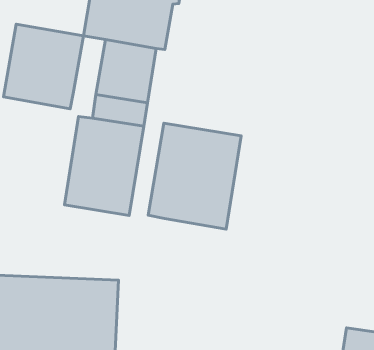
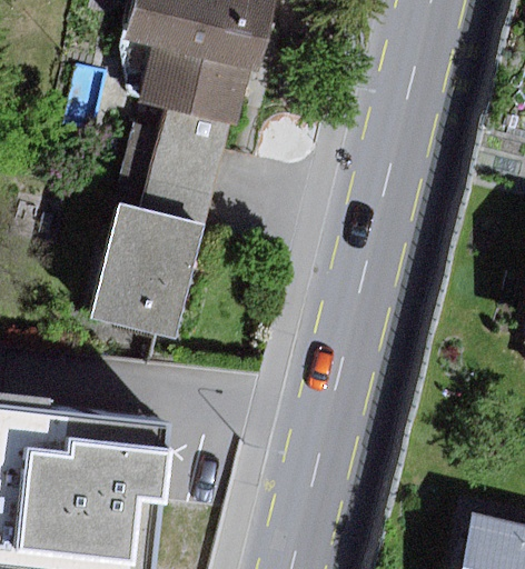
building: [4,24,84,109] -> none
building: [148,123,241,229] -> none

